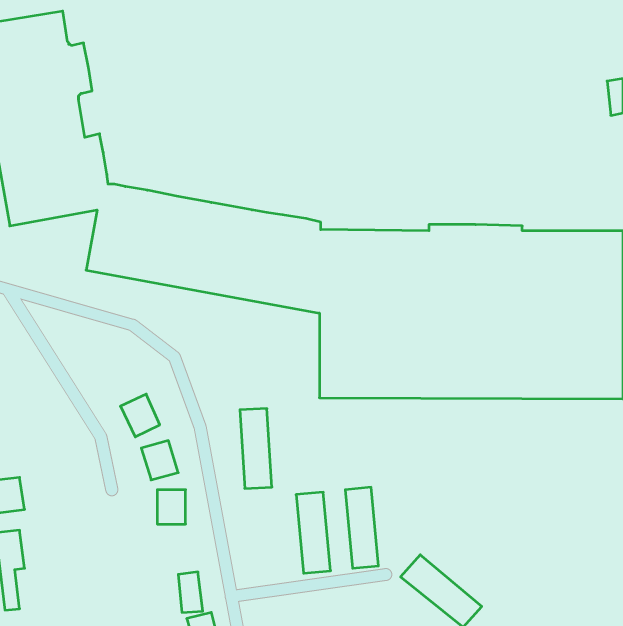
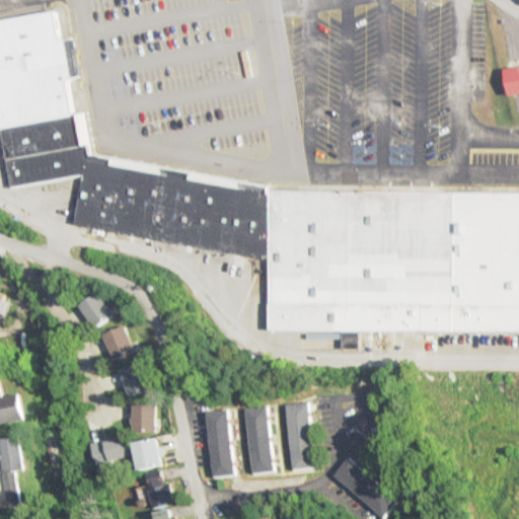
building: none -> [77,294,110,328]
building: [240,409,272,488] -> [207,412,233,477]
building: none -> [91,438,124,462]
building: none -> [132,440,160,468]

